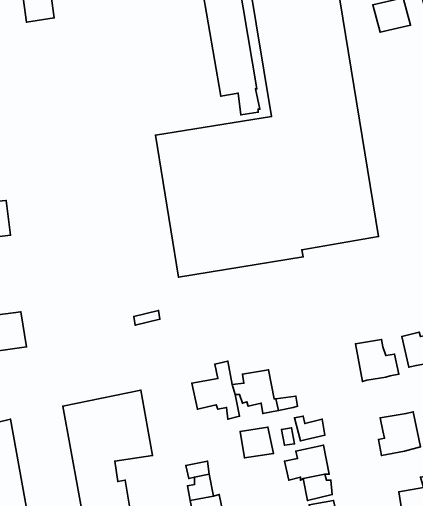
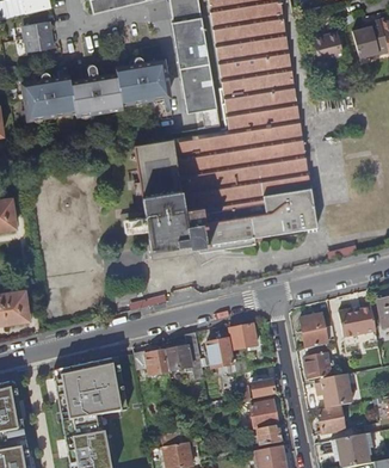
building: none -> [23,57,168,119]
building: none -> [304,345,333,380]
building: none -> [132,351,166,375]
building: [240,427,274,458] -> [228,325,255,350]
building: none -> [316,406,344,433]

